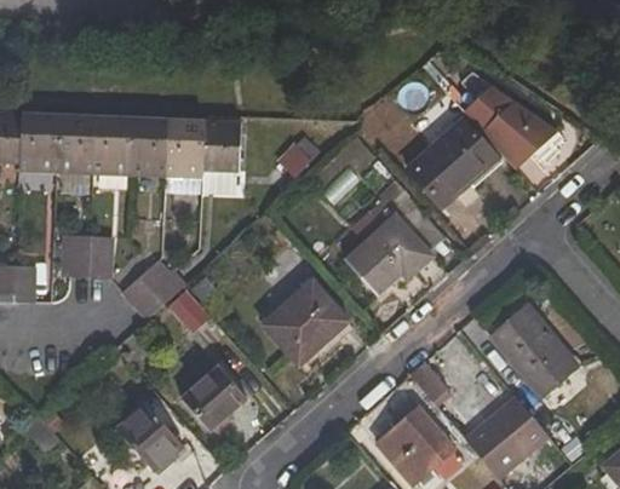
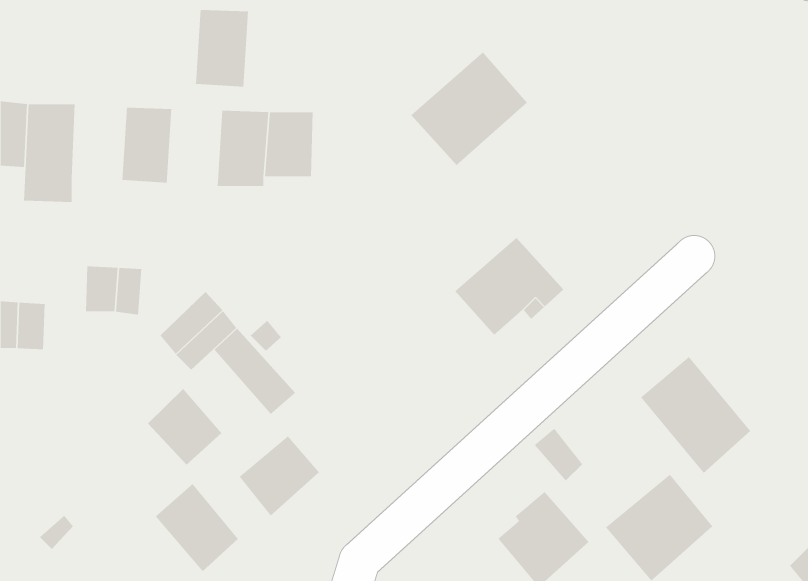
building: [464,74,555,166] -> none
building: [57,115,98,173] -> none
building: [130,119,171,178] -> [195,9,249,87]
building: [408,121,498,208] -> [410,52,528,166]
building: [264,282,348,364] -> none
building: none -> [147,388,222,465]

